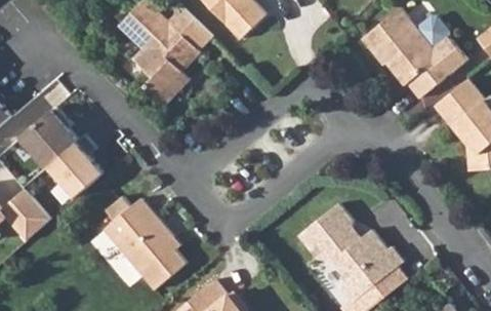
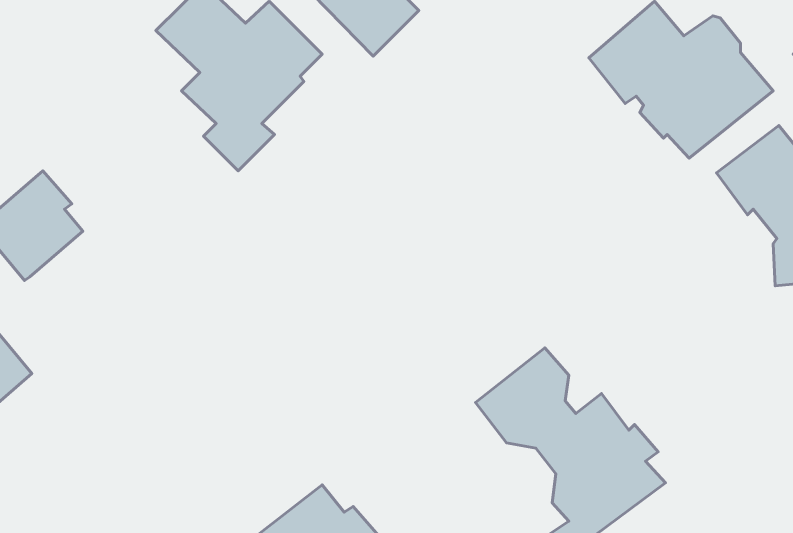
building: [48,132,104,196] -> none
building: [104,193,185,287] -> none

